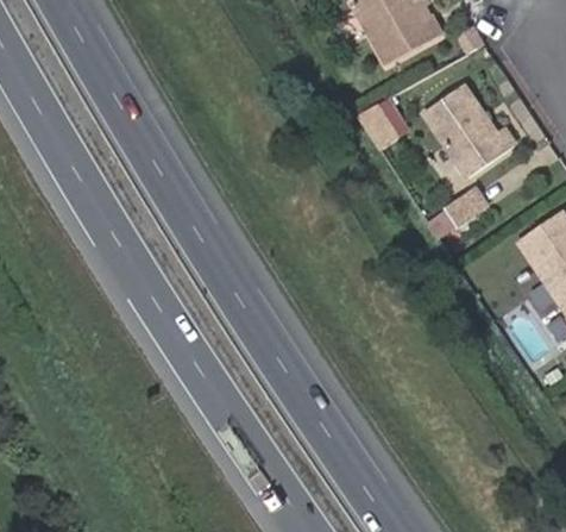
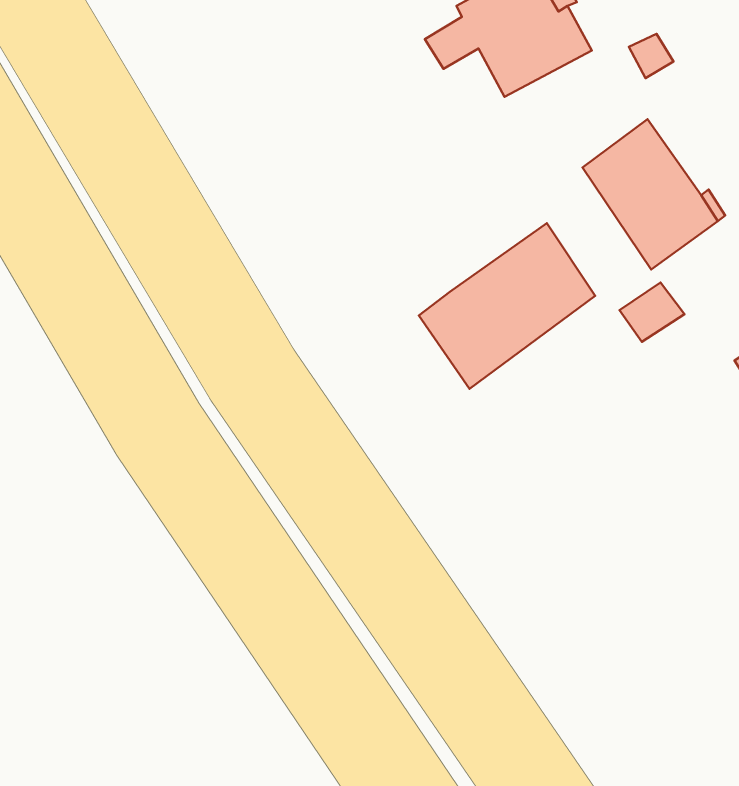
building: [361,92,414,144] -> none
building: none -> [419,223,595,389]

